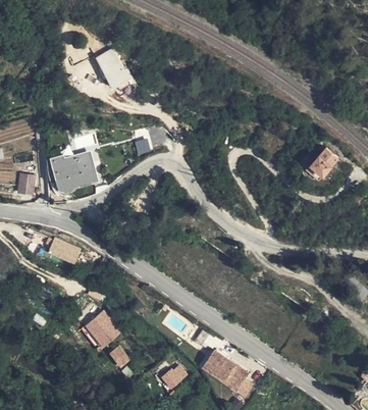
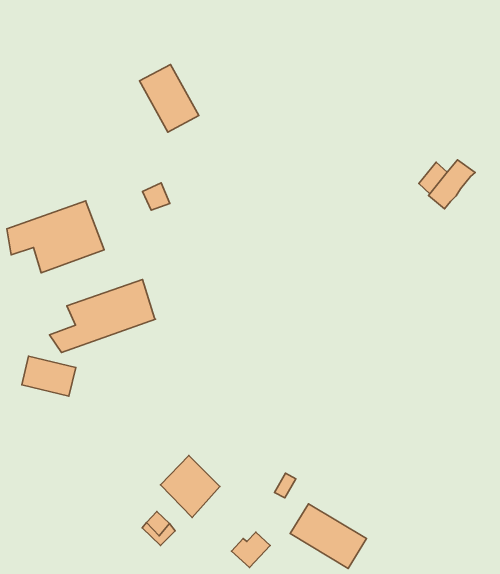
building: [94,51,128,93] -> [139,64,199,132]
building: none -> [49,279,156,353]
building: [83,312,119,351] -> [161,455,220,517]

